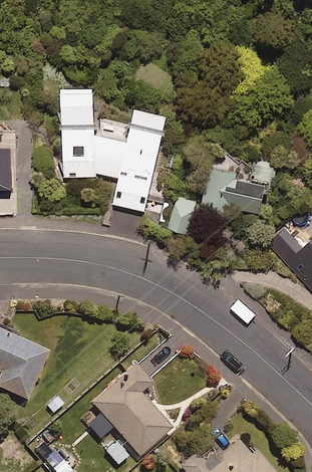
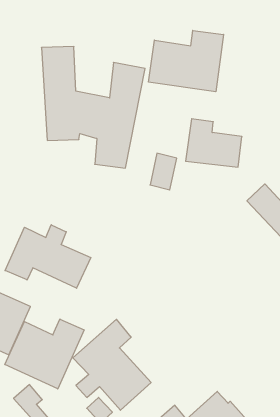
building: none -> [149,30,224,92]
building: none -> [5,225,91,288]
building: none -> [5,319,84,389]

